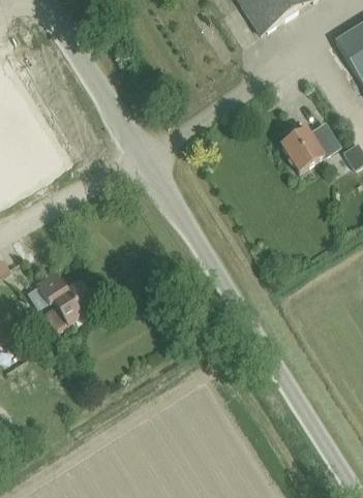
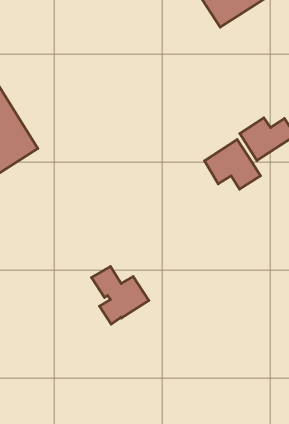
building: none -> [204,139,260,189]
building: [37,271,97,331] -> [92,267,149,324]

